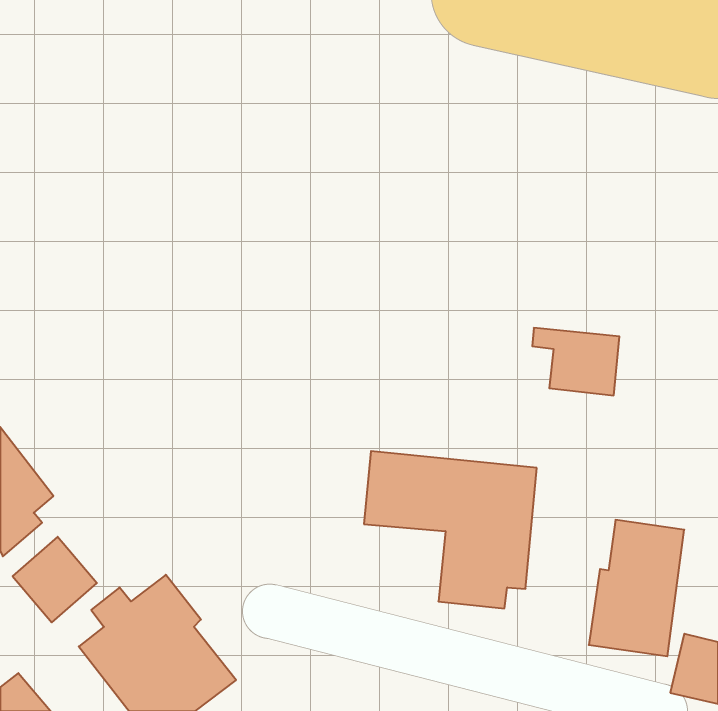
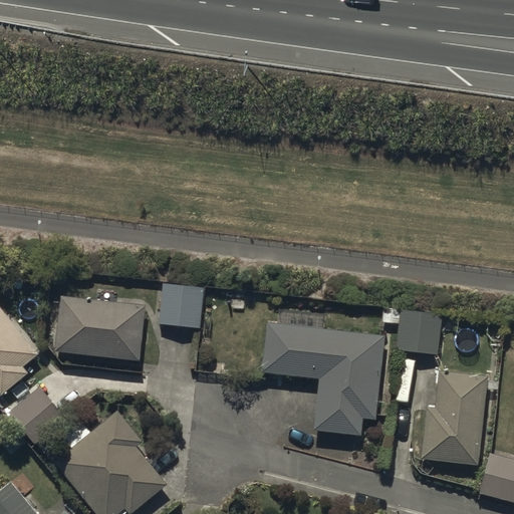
building: [532,328,619,395] -> [383,307,446,355]
building: none -> [159,280,207,328]
building: none -> [55,296,145,361]

